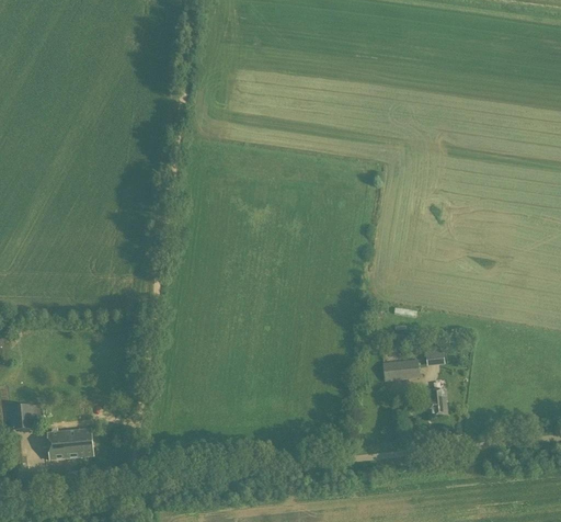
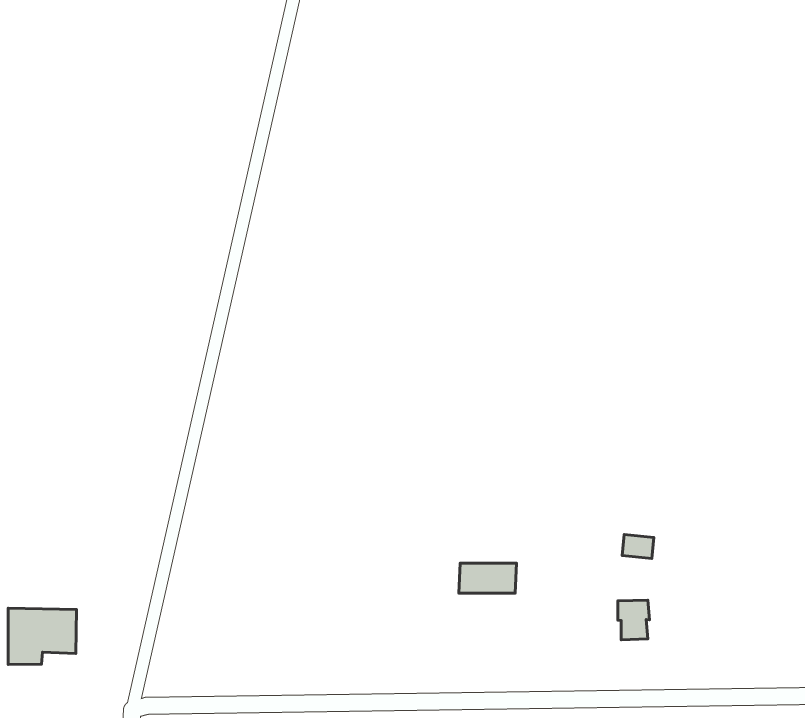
building: [383,358,420,379] -> [459,563,516,593]

